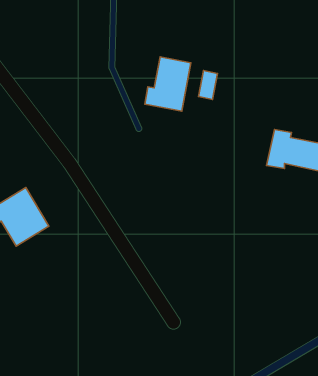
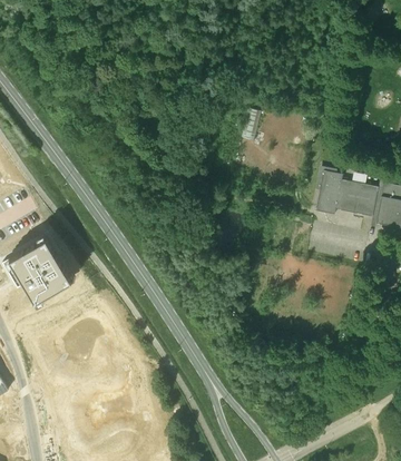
building: [145,57,191,111] -> none

